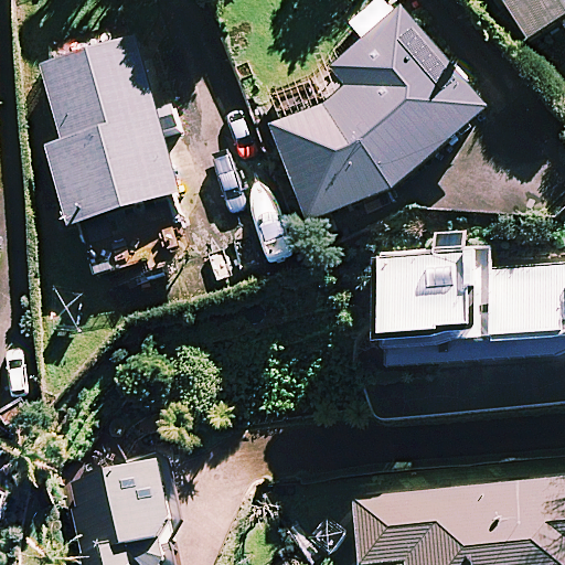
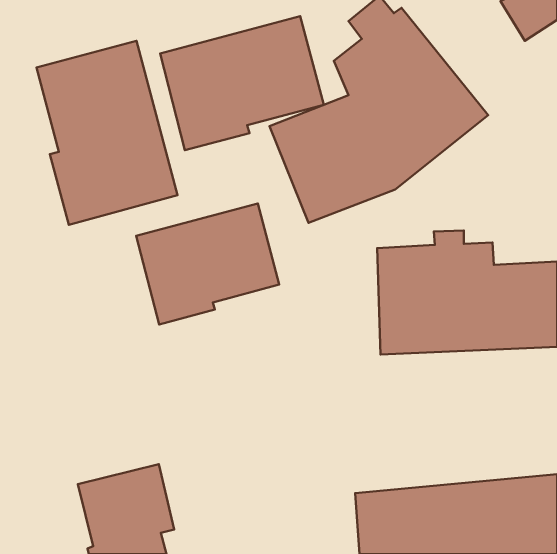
building: none -> [160,16,324,150]
building: none -> [136,203,279,325]

